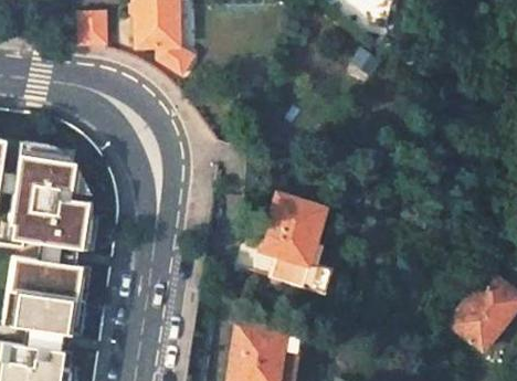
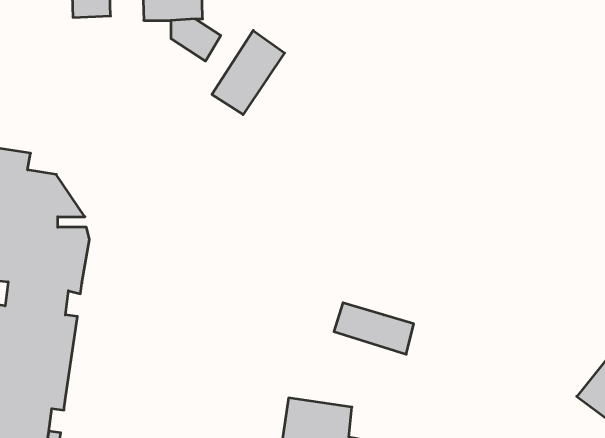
building: none -> [212,30,285,115]
building: [263,194,326,264] -> none

